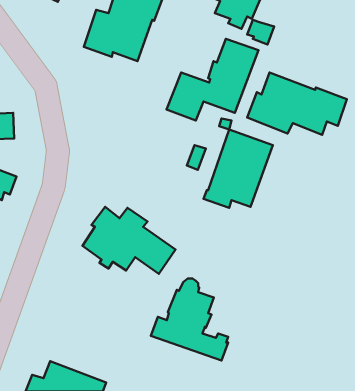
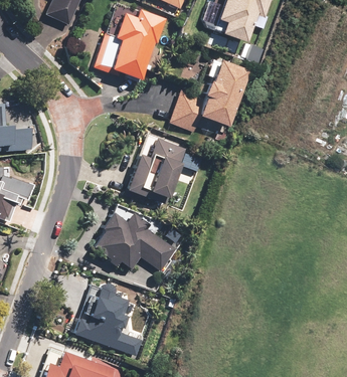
building: [247,72,347,135] -> none
building: [204,130,273,208] -> [123,133,185,203]
building: [151,279,228,360] -> [72,281,142,355]

